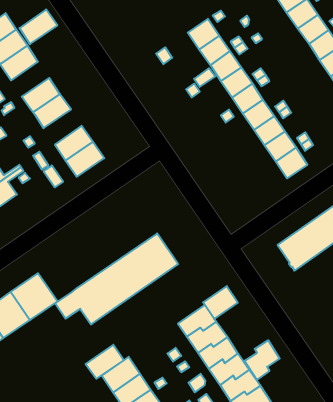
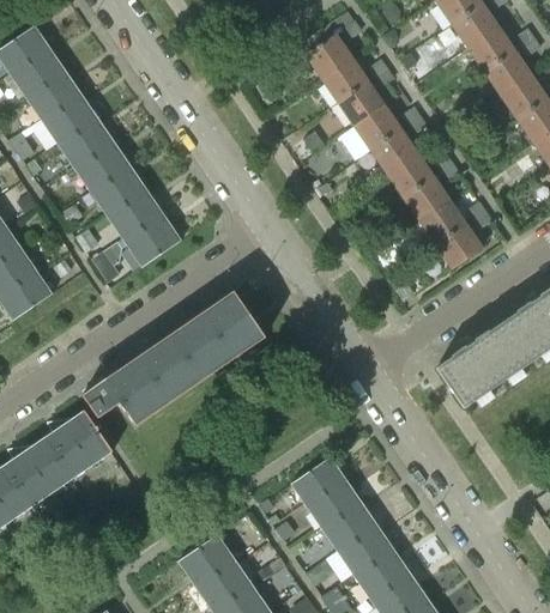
building: [19,9,57,44] -> [44,97,101,148]
building: none -> [92,168,149,219]
building: [55,233,178,324] -> [83,291,265,425]
building: [203,286,238,319] -> none
building: [245,340,280,380] -> none
building: [86,345,124,379] -> none

